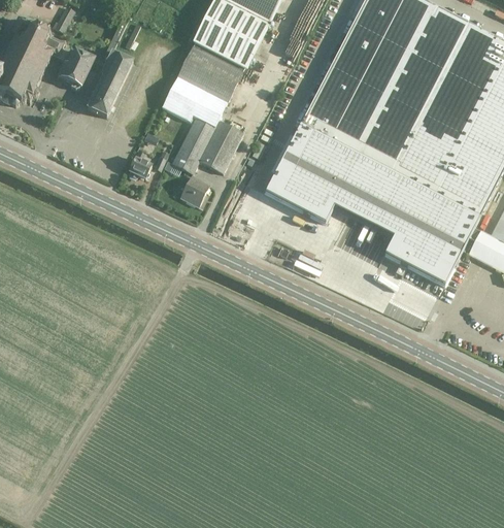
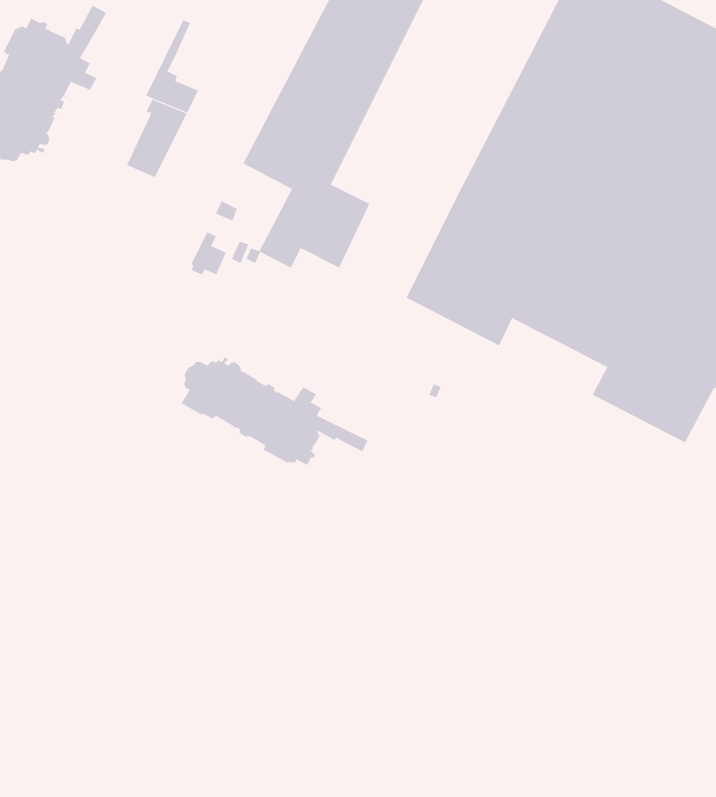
building: [57,47,95,89] -> none
building: [180,173,210,206] -> none
building: none -> [181,356,368,466]

